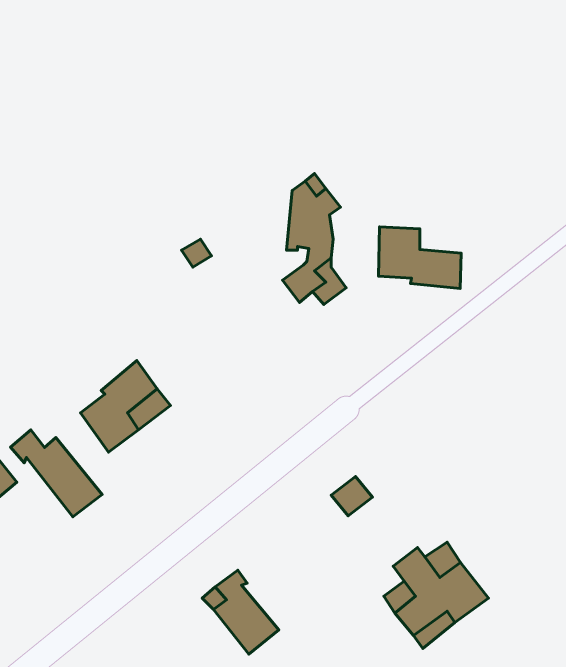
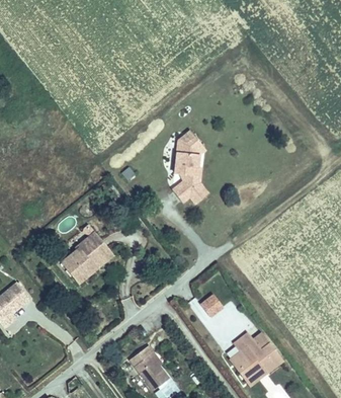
building: [379,227,461,289] -> none
building: [10,430,102,517] -> none

